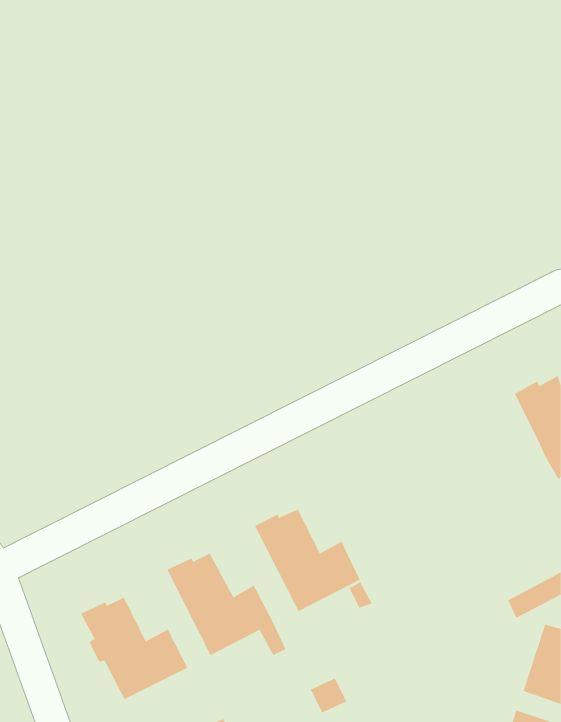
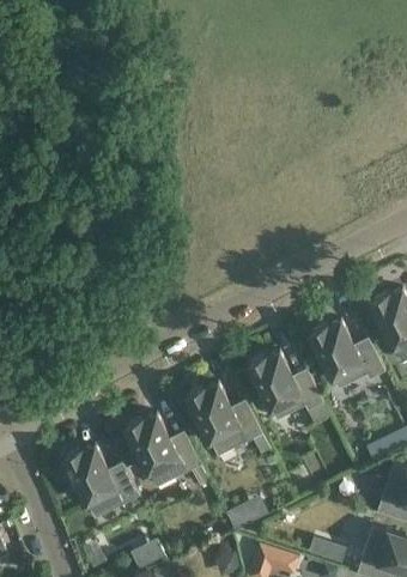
building: none -> [310,320,387,389]
building: none -> [249,352,324,420]

